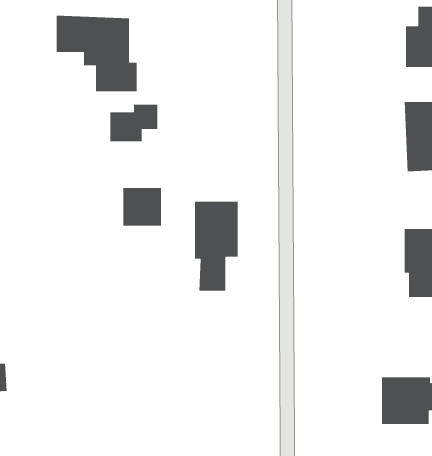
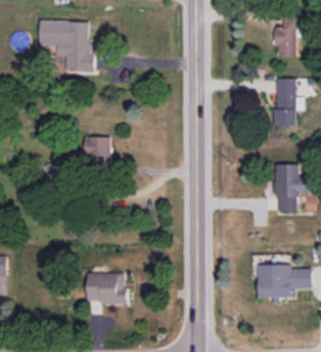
building: [109,104,158,142] -> none
building: [194,201,239,291] -> none
building: none -> [87,273,126,304]

